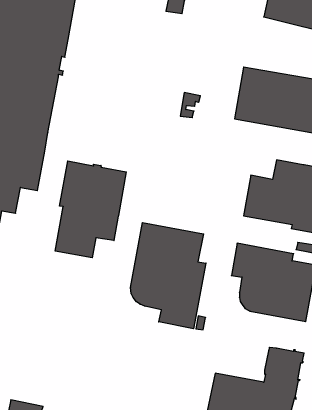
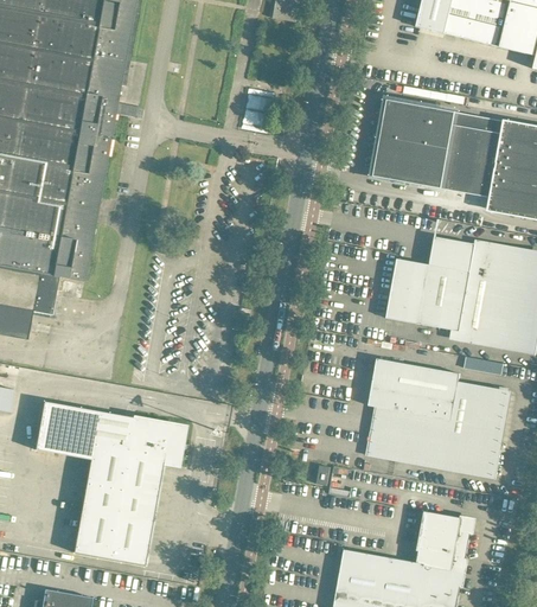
building: [180,93,200,118] -> [244,88,274,124]
building: [55,161,126,258] -> none
building: [131,223,206,329] -> none
building: none -> [36,402,185,564]

